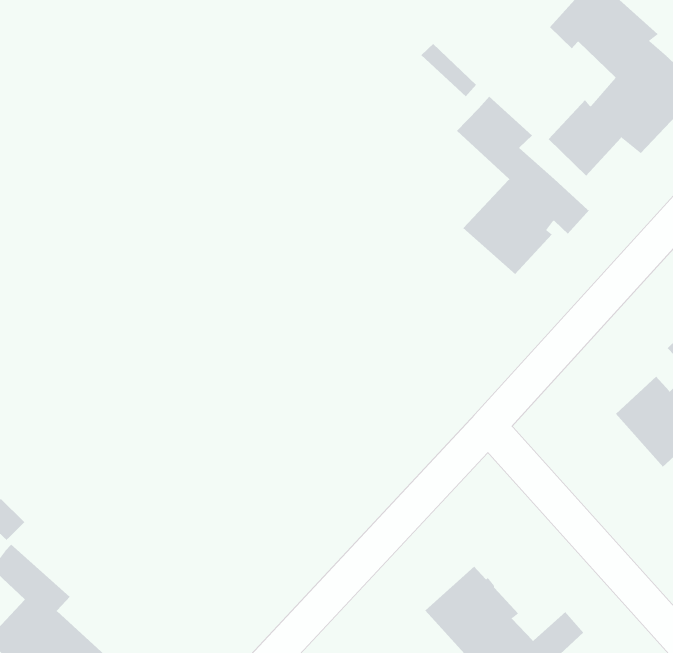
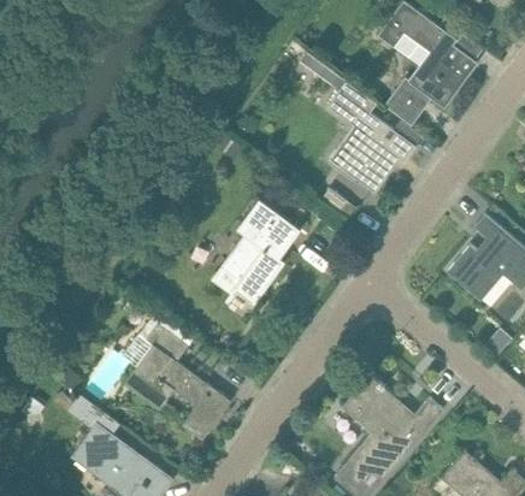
building: none -> [212,199,300,303]
building: none -> [123,323,231,439]

